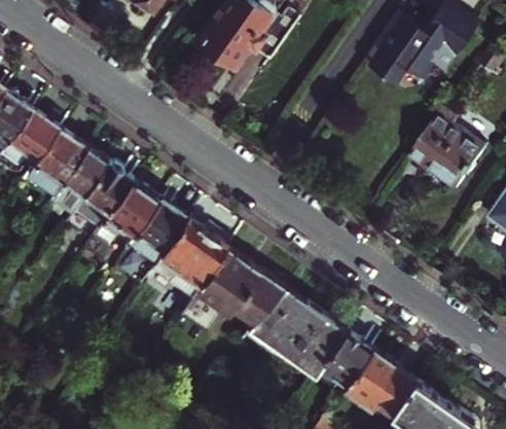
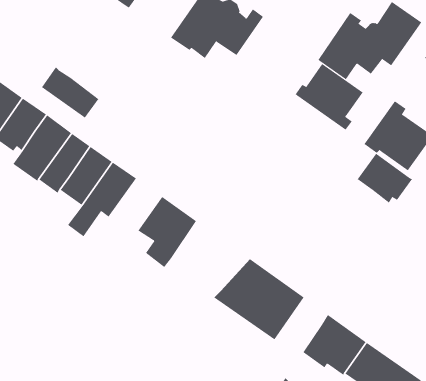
building: none -> [295,63,364,130]
building: none -> [41,67,99,119]
building: none -> [357,153,413,203]
building: [129,201,188,278] -> none
building: [180,248,286,336] -> none
building: [314,332,372,393] -> none

